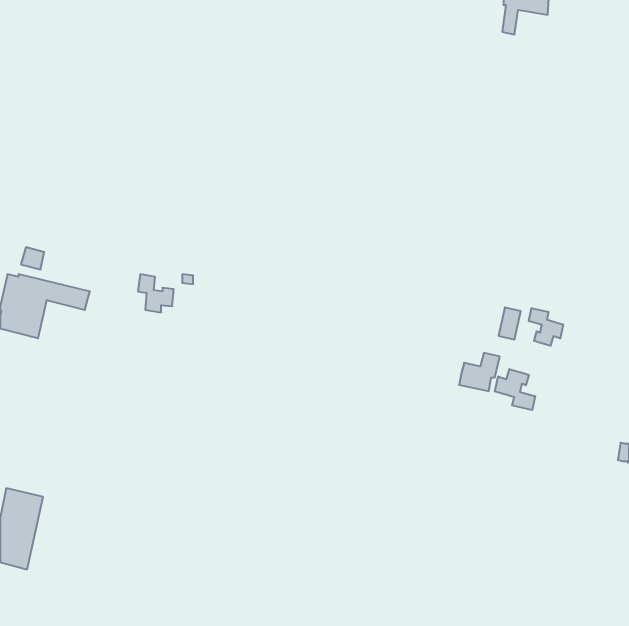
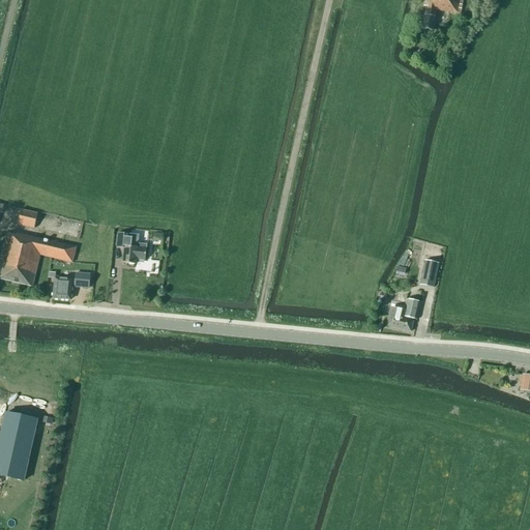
building: [529,308,563,346] -> none
building: none -> [53,271,90,298]
building: [495,369,535,410] -> none

